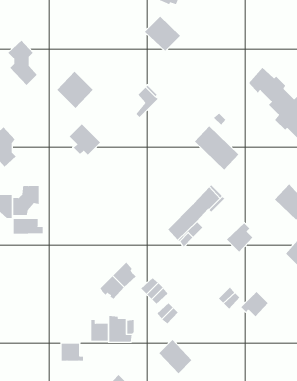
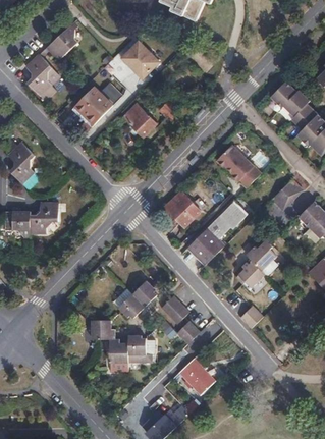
building: none -> [46,24,76,60]
building: [144,16,181,52] -> [121,41,159,77]
building: [69,124,101,155] -> [122,103,155,135]
building: none -> [269,180,301,212]
building: none -> [167,191,200,228]
building: [13,218,43,234] -> none
building: [241,291,269,317] -> [235,262,264,288]
building: [61,343,84,361] -> [91,321,114,339]

